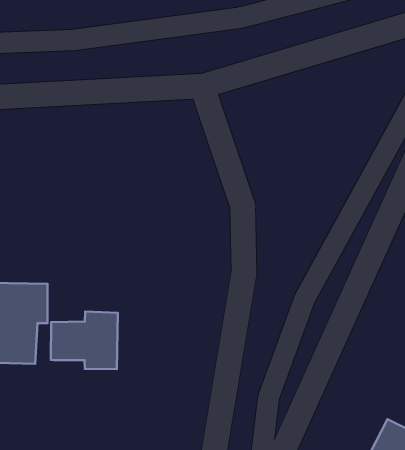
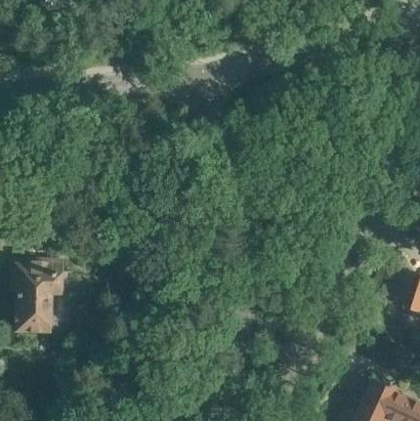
building: [51,312,118,369] -> none

